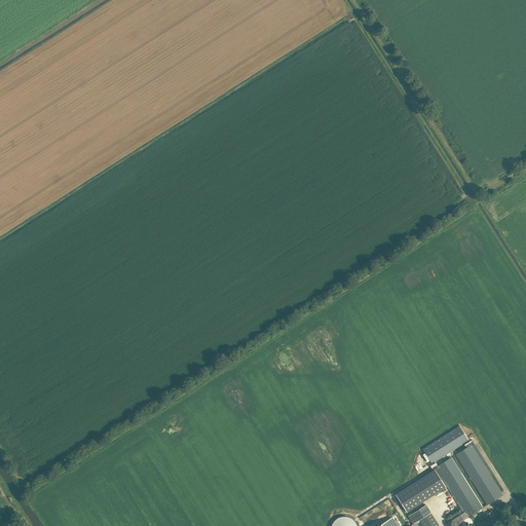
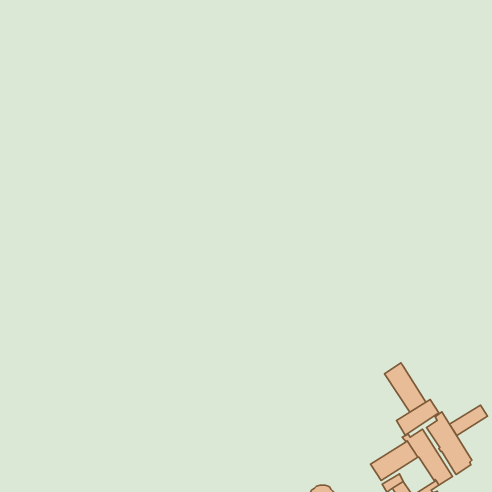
building: none -> [384,363,426,412]
building: none -> [449,405,487,435]

